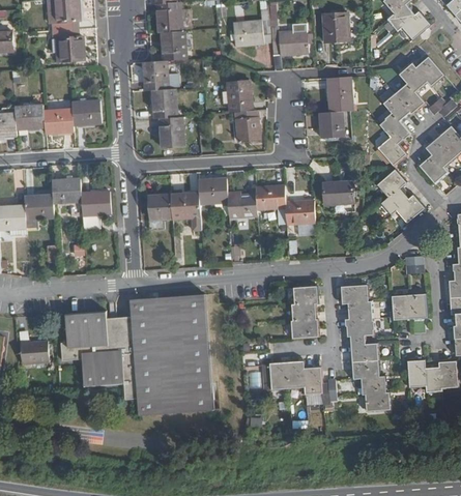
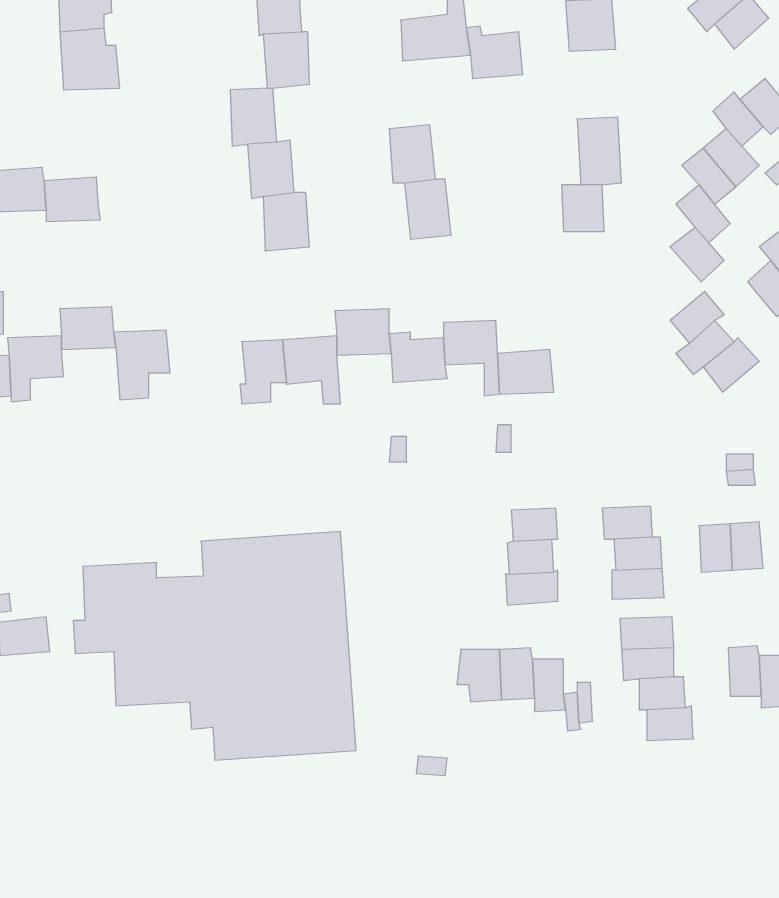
building: [71,99,103,123] -> none
building: [323,182,354,205] -> none

